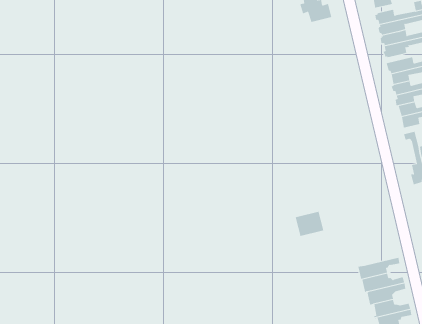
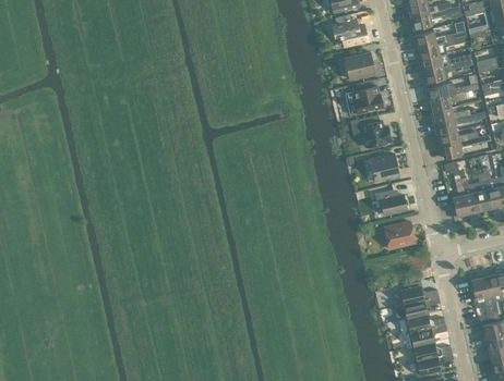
building: none -> [346,53,376,81]
building: none -> [346,87,385,115]
building: none -> [351,115,391,145]
building: none -> [373,156,399,180]
building: none -> [376,192,409,214]
building: [295,211,324,236] -> [385,222,417,249]
building: none -> [400,286,441,306]

